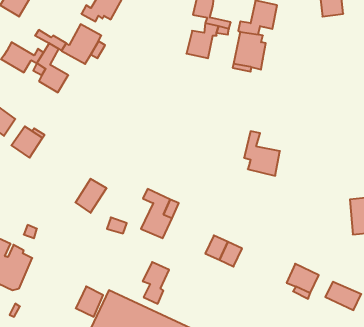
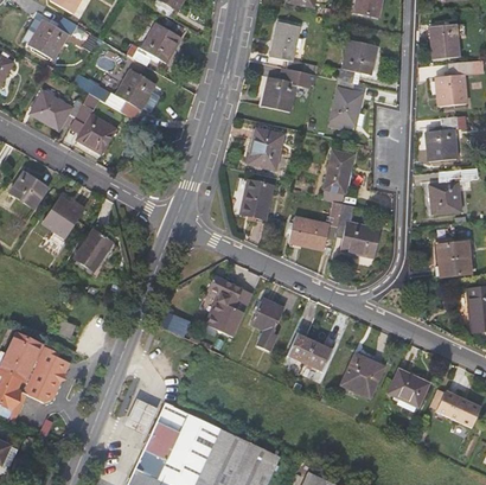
building: none -> [436,62,473,106]
building: none -> [426,115,466,161]
building: none -> [248,128,283,170]
building: none -> [322,153,352,193]
building: none -> [429,167,478,215]
building: none -> [239,179,273,221]
building: none -> [288,202,343,250]
building: none -> [437,242,469,276]
building: [75,179,107,213] -> [73,229,113,272]
building: none -> [340,353,385,397]
building: [143,262,169,304] -> [250,299,283,351]

